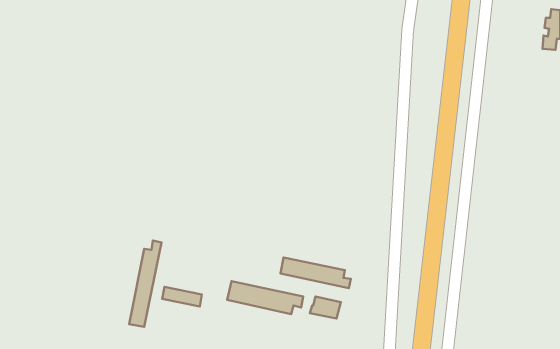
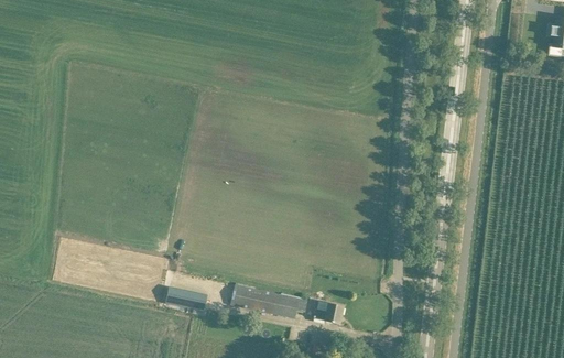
building: [129,241,162,327] -> none
building: [280,257,351,288] -> none

